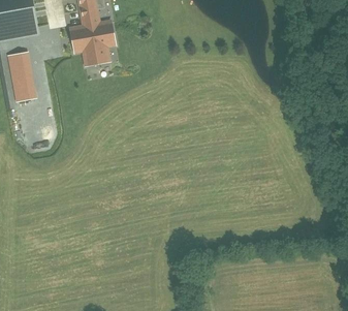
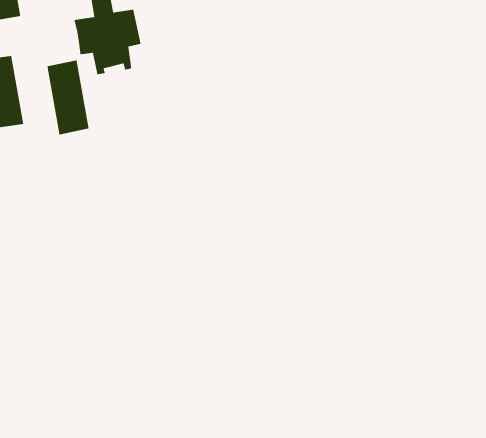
building: none -> [47,59,90,135]

